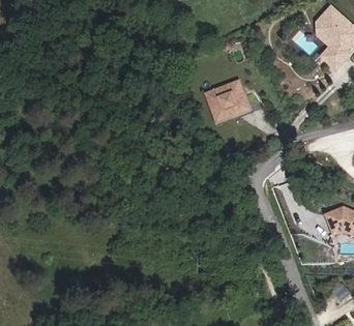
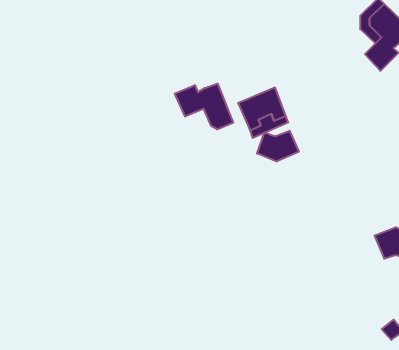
building: none -> [175,84,233,129]
building: none -> [257,131,299,162]

